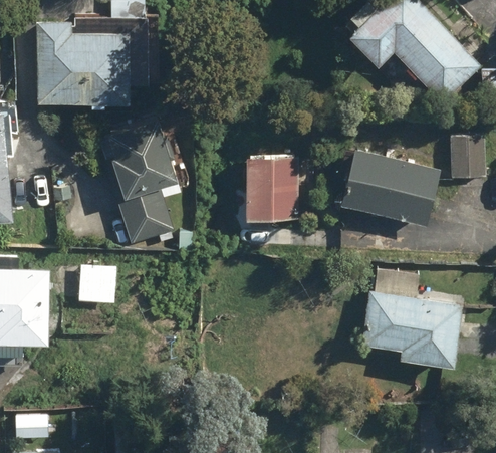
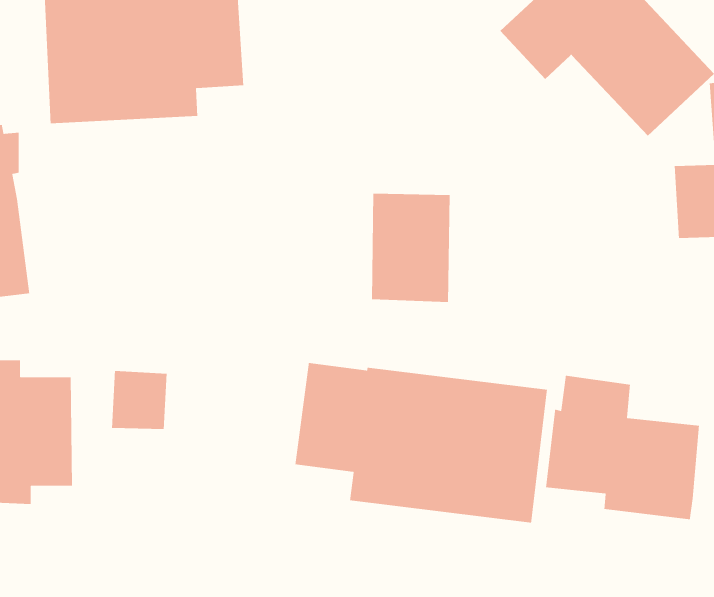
building: [98,114,184,246] -> none
building: [340,145,444,229] -> none
building: none -> [294,362,548,523]

